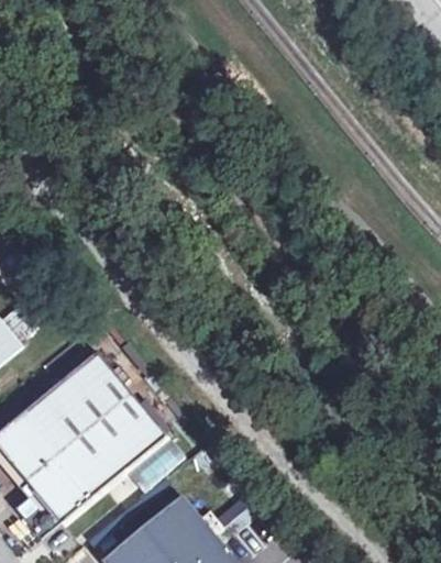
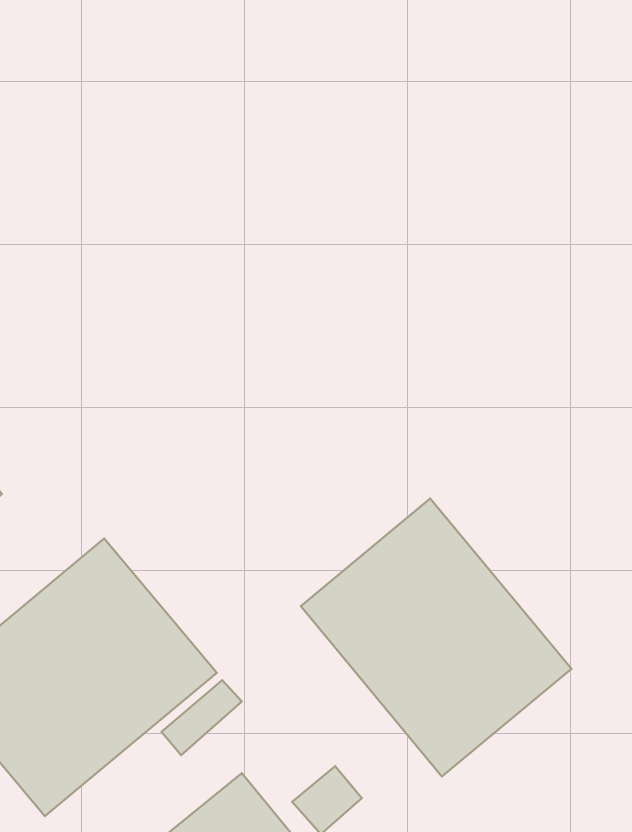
building: none -> [301,498,571,777]

